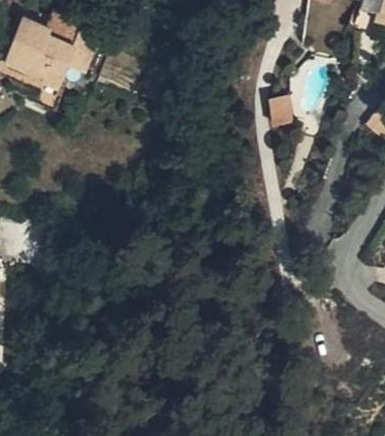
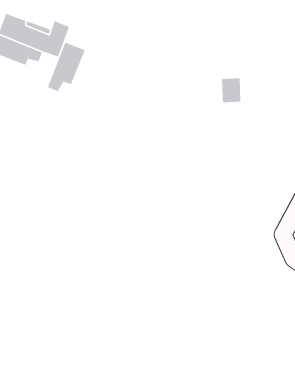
building: none -> [47,41,86,92]

